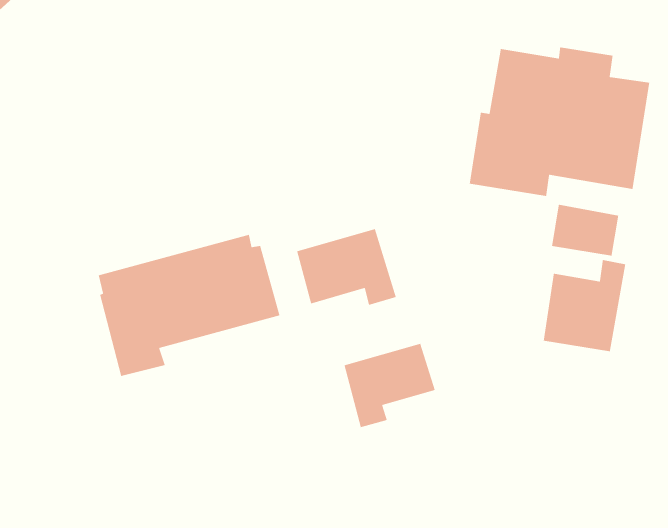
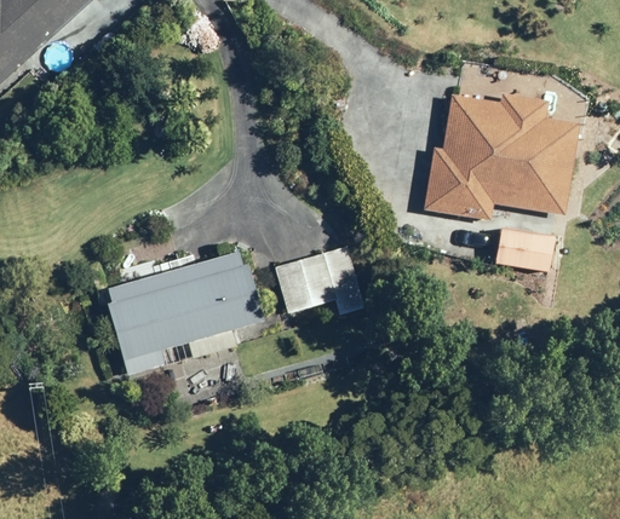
building: [543,259,626,352] -> none
building: [343,343,436,428] -> none

